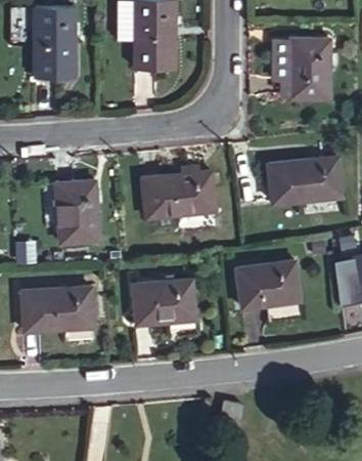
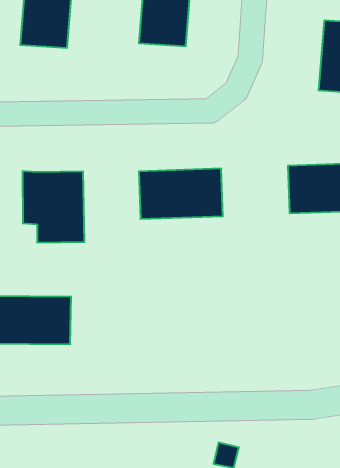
building: [236,260,303,322] -> none
building: [133,279,195,324] -> none

